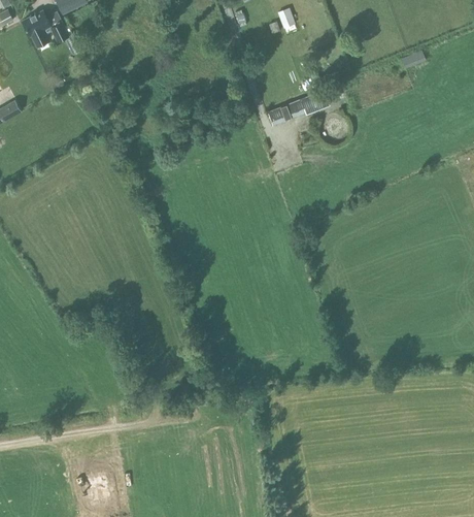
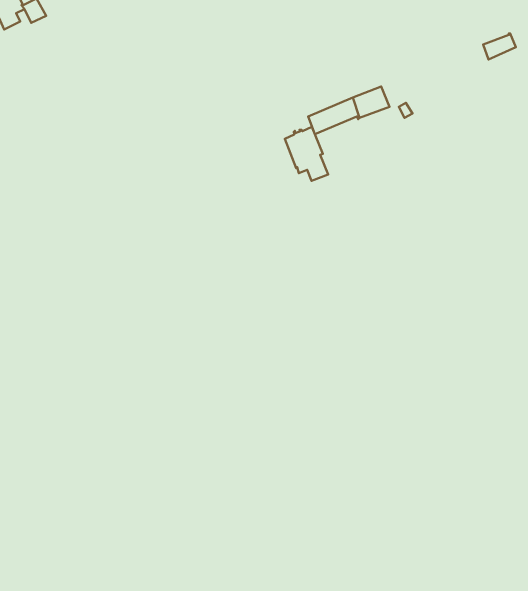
building: none -> [285,127,328,181]

